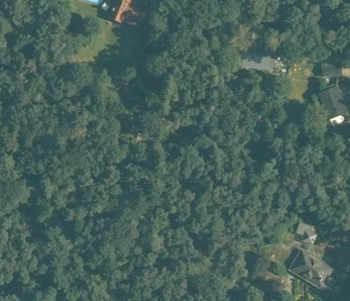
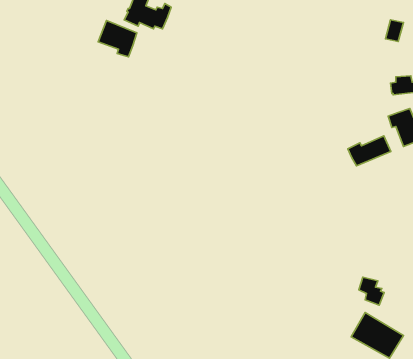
building: none -> [98,21,137,57]
building: none -> [348,136,391,166]

